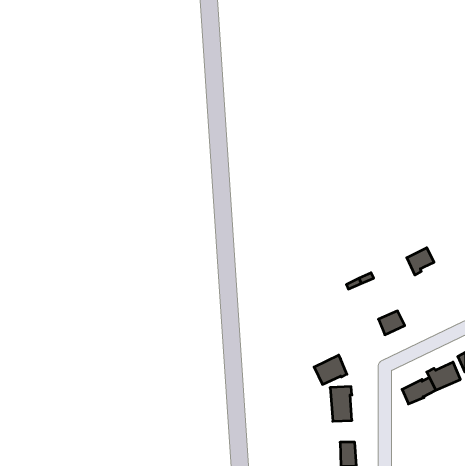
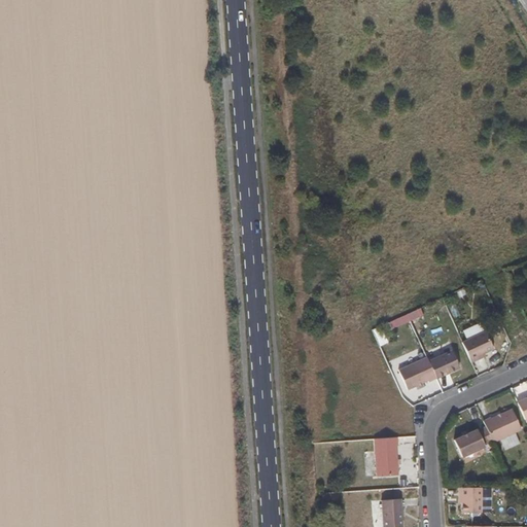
building: [407,248,434,275] -> [462,331,493,362]
building: [314,355,347,384] -> [398,356,435,389]
building: none -> [459,487,482,513]

